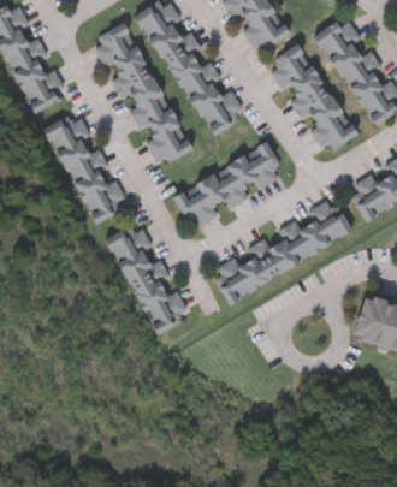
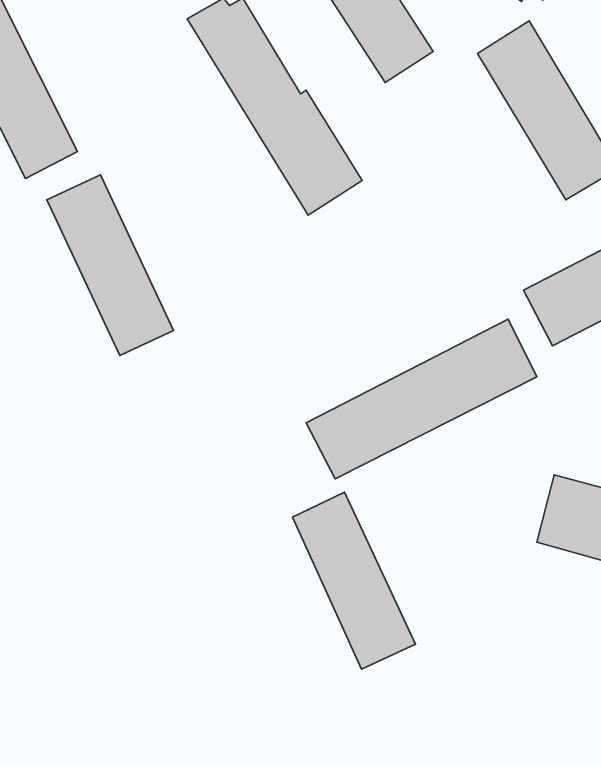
building: [91,22,191,165] -> none
building: [266,43,355,154] -> none
building: [172,144,279,228] -> none
building: [109,221,186,332] -> [292,492,415,669]

